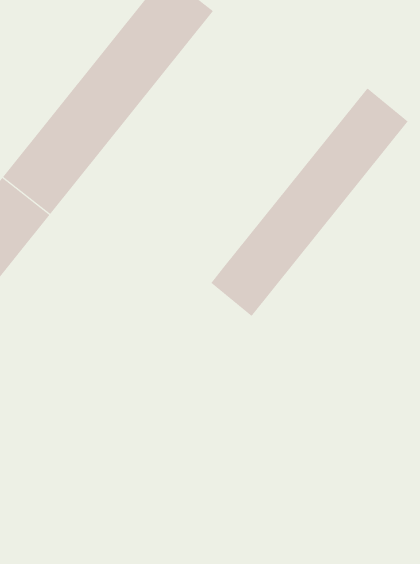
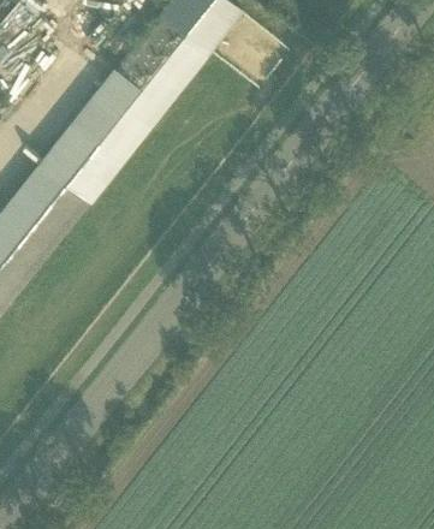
building: [211,88,409,317] -> none

